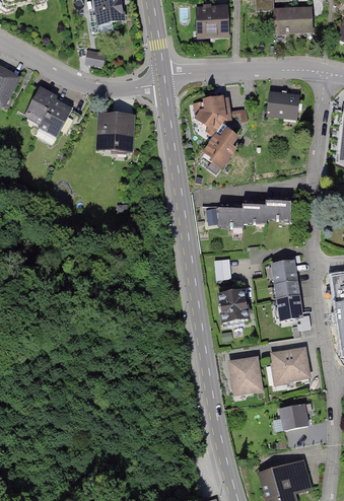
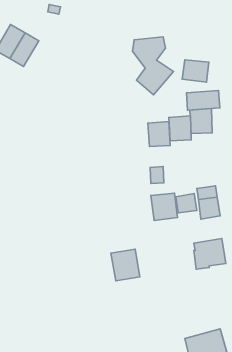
building: [265,92,298,121] -> [182,60,209,82]
building: [96,111,139,146] -> none
building: none -> [186,91,220,110]
building: [270,261,296,285] -> [176,193,197,213]
building: [226,357,263,397] -> [111,249,140,281]
building: [277,405,308,432] -> none

